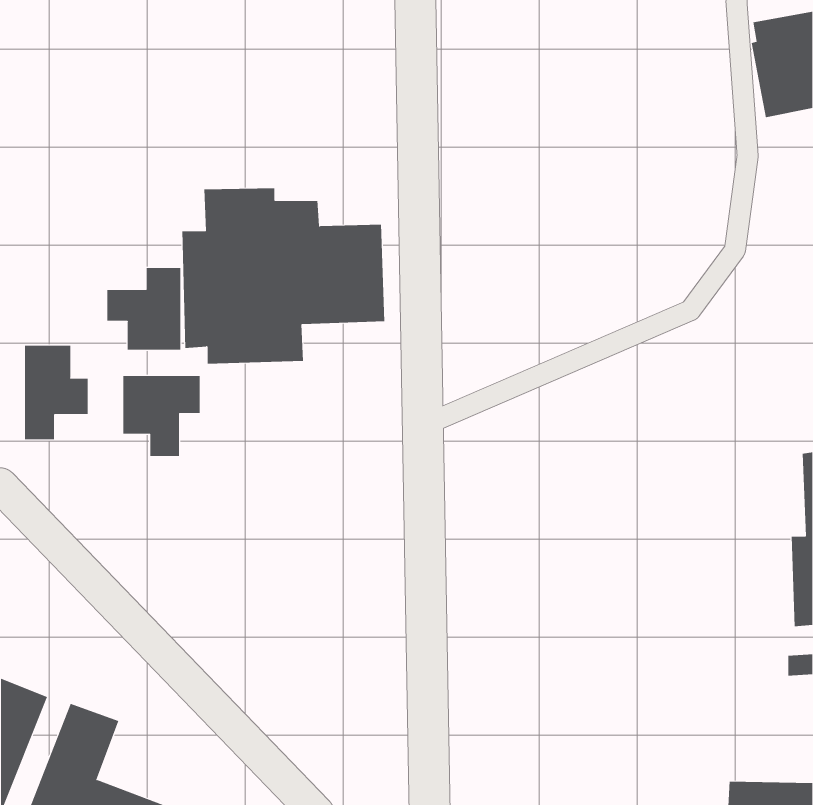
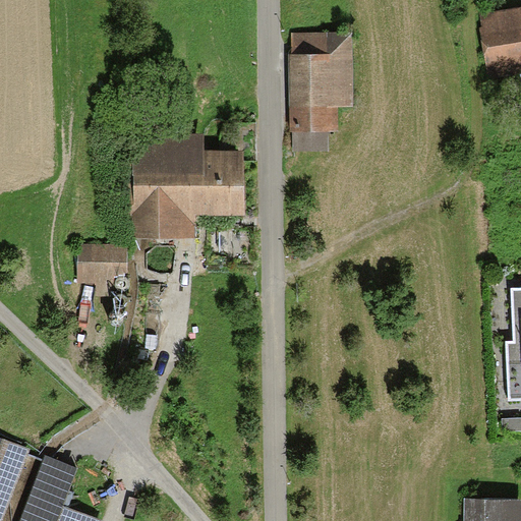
building: none -> [290,30,353,153]
building: [107,267,181,350] -> none
building: [25,345,88,440] -> none

